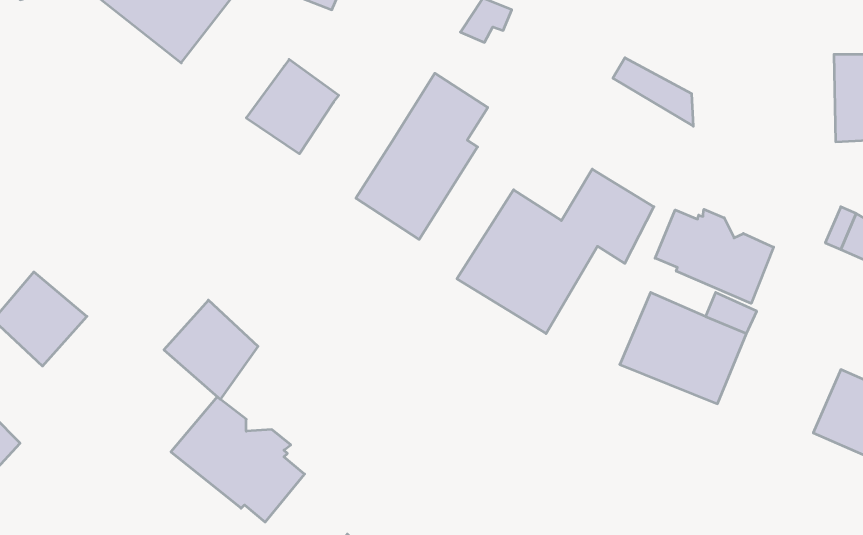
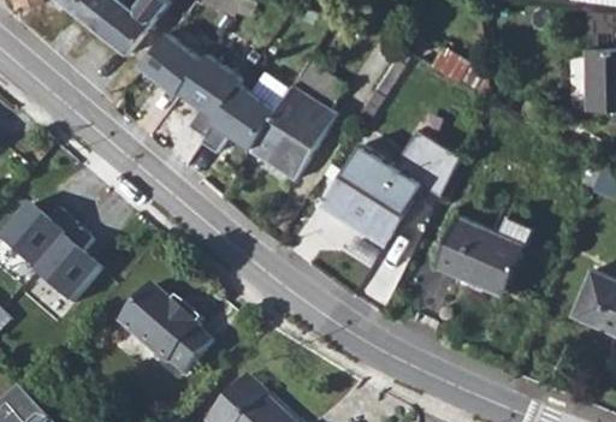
building: none -> [137,31,200,91]
building: none -> [207,81,276,148]
building: [655,209,774,303] -> none
building: [164,300,258,399] -> [30,231,96,301]

